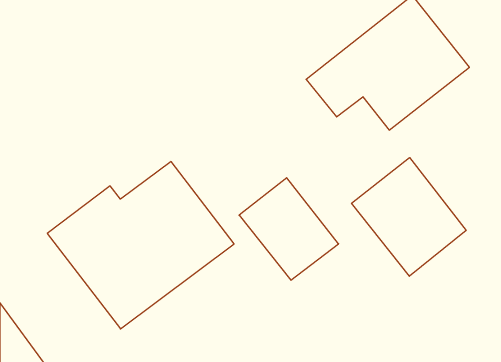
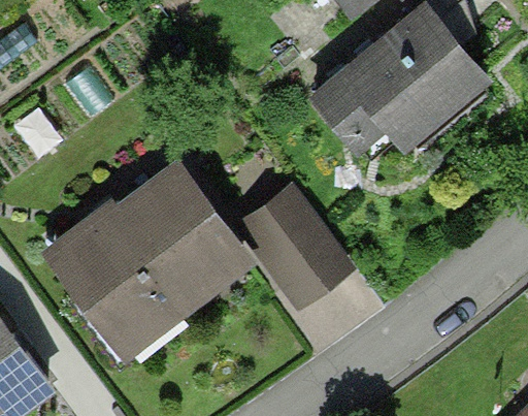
building: [352,158,466,276] -> none

